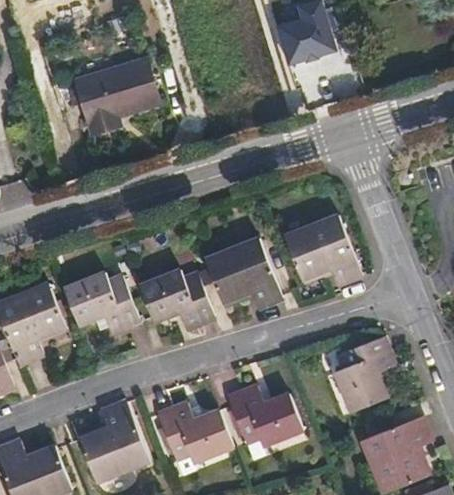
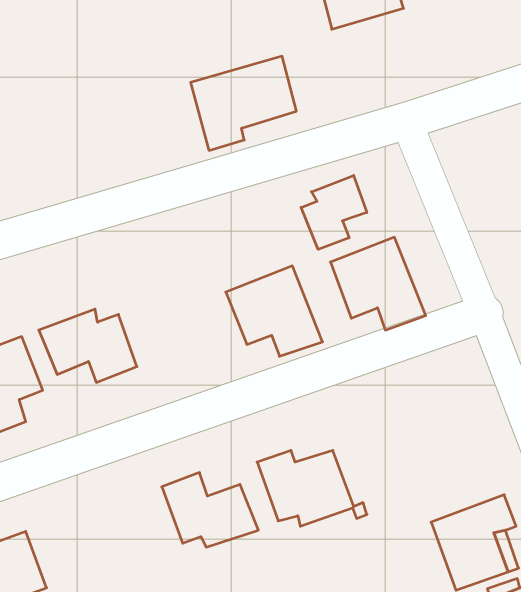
building: [78,58,159,130] -> [191,56,296,150]
building: none -> [301,175,367,249]
building: [138,271,214,327] -> none
building: [326,336,392,410] -> none
building: [78,401,148,480] -> none

